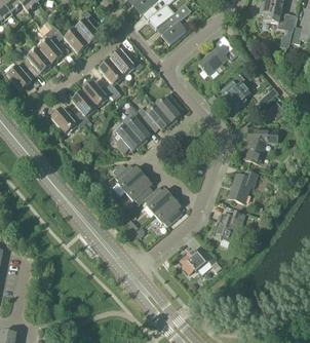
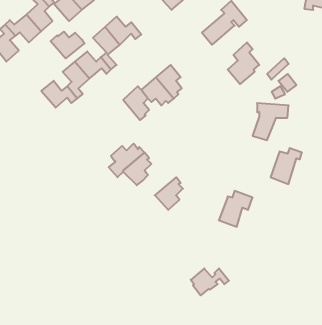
building: none -> [51,32,85,58]
building: [112,125,142,150] -> none
building: [228,170,257,203] -> [271,148,302,184]
building: [144,188,175,213] -> none
building: [180,250,215,274] -> [191,268,229,295]

